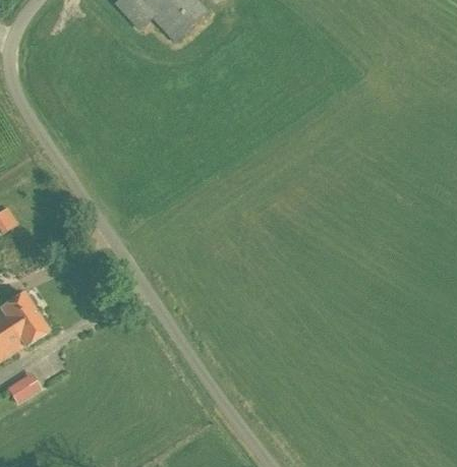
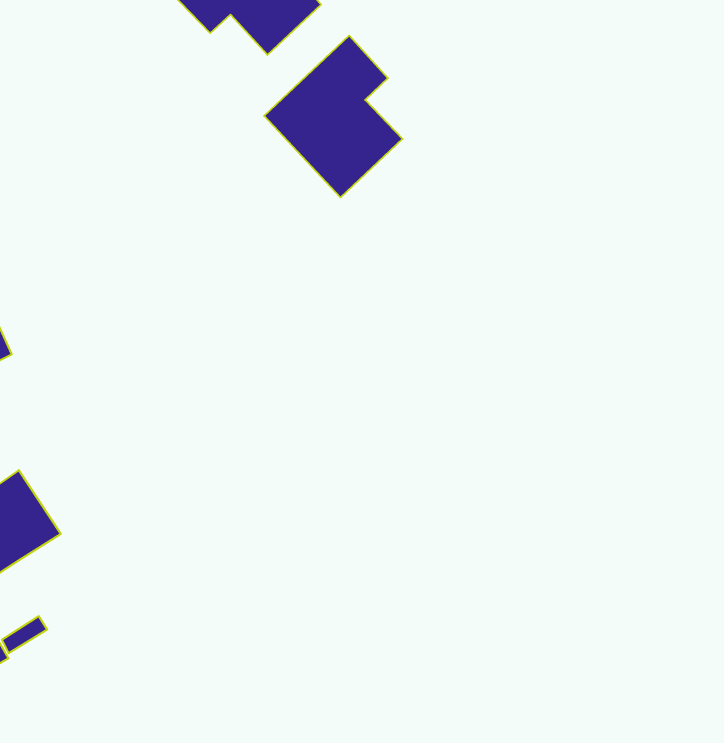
building: none -> [264,36,403,197]

